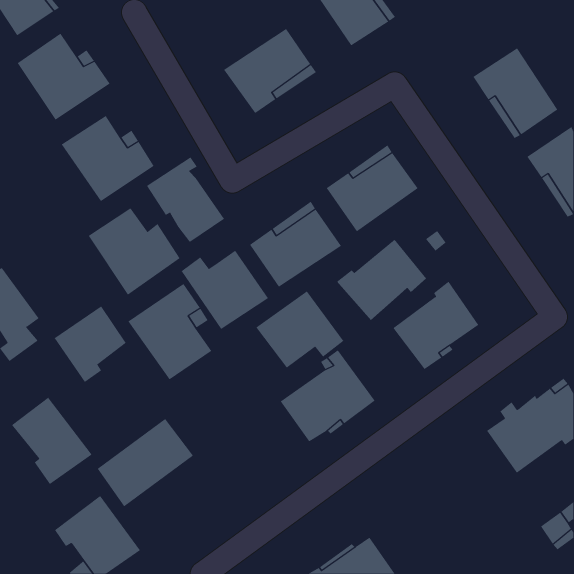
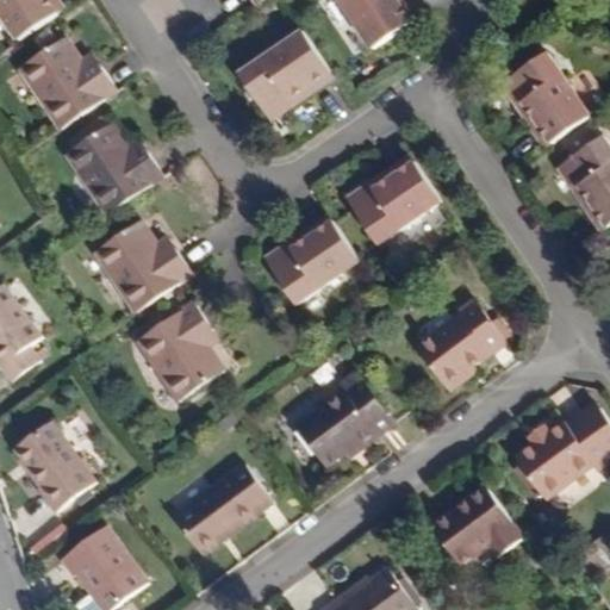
building: [146,156,225,243] -> none
building: [336,239,427,321] -> none
building: [181,250,269,330] -> none
building: [256,291,344,369] -> none
building: [54,306,126,383] -> none
building: [97,418,194,507] -> [172,461,274,555]
building: none -> [429,483,525,568]

